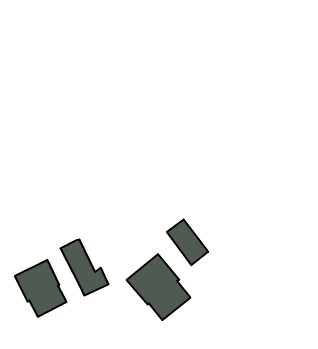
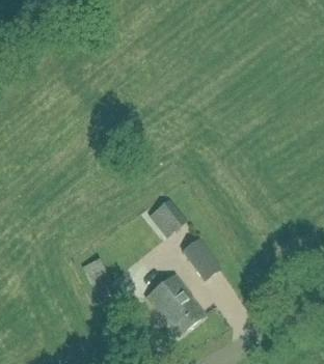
building: none -> [147,198,187,236]
building: [15,260,66,317] -> none

